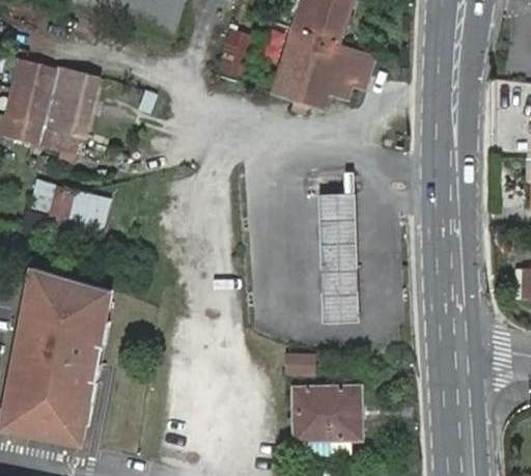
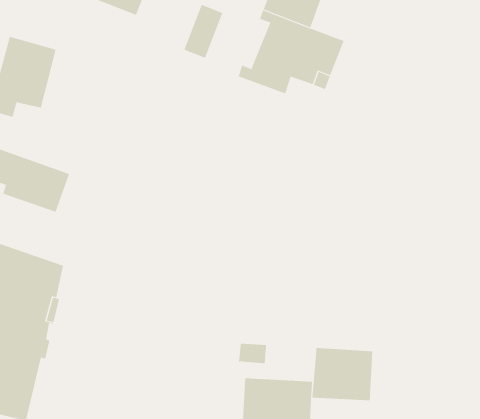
building: [318,193,359,321] -> none
building: none -> [312,347,373,401]

